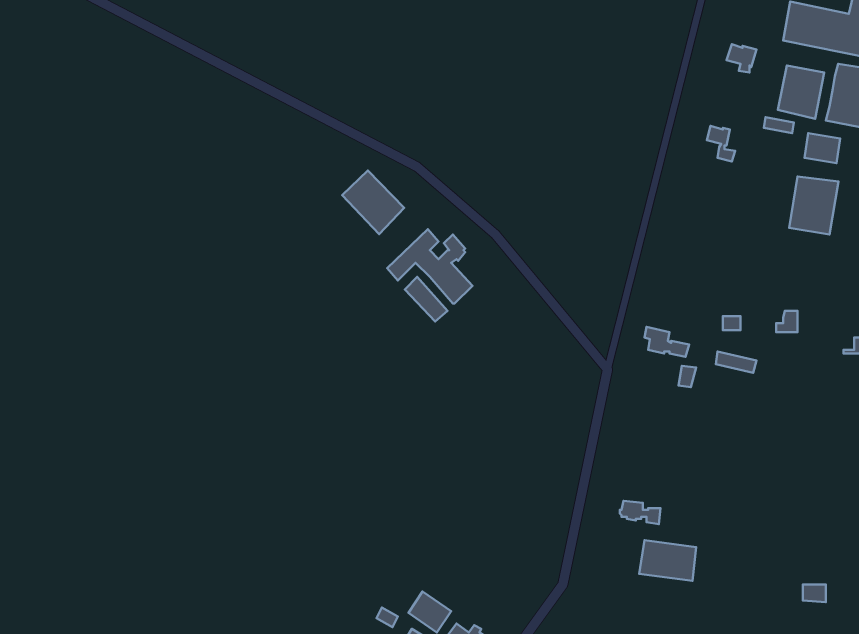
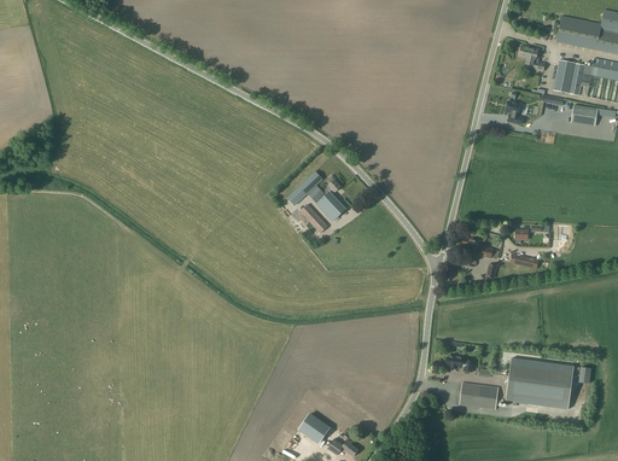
building: [342,171,404,234] -> none
building: [789,176,838,235] -> none
building: none -> [506,357,573,409]

